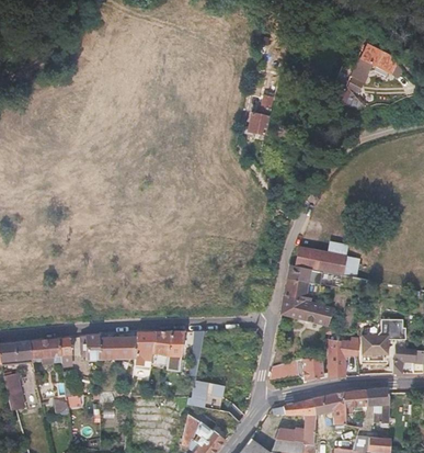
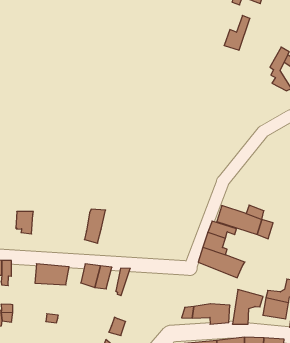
building: [249,95,274,135] -> [224,15,250,50]
building: [135,331,154,370] -> [84,209,106,243]
building: [81,335,101,360] -> [16,212,33,234]

